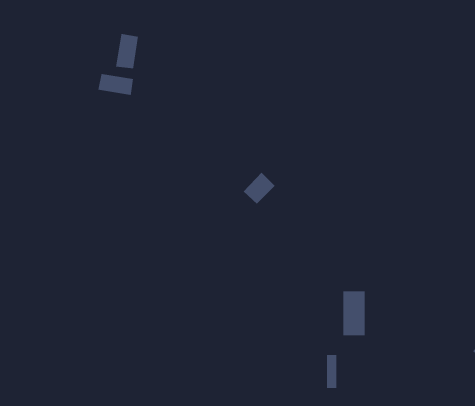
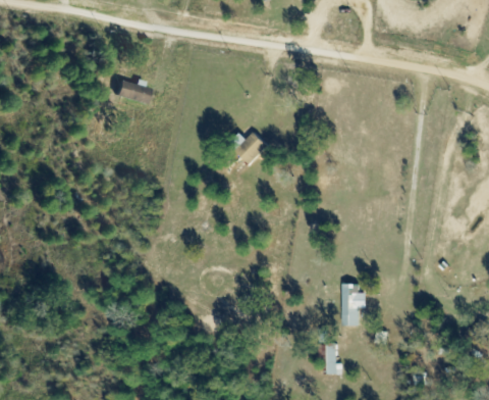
building: [116,33,139,69] -> none
building: [243,172,276,205] -> [235,133,266,163]

